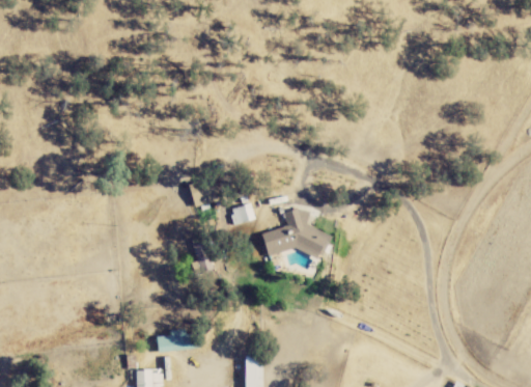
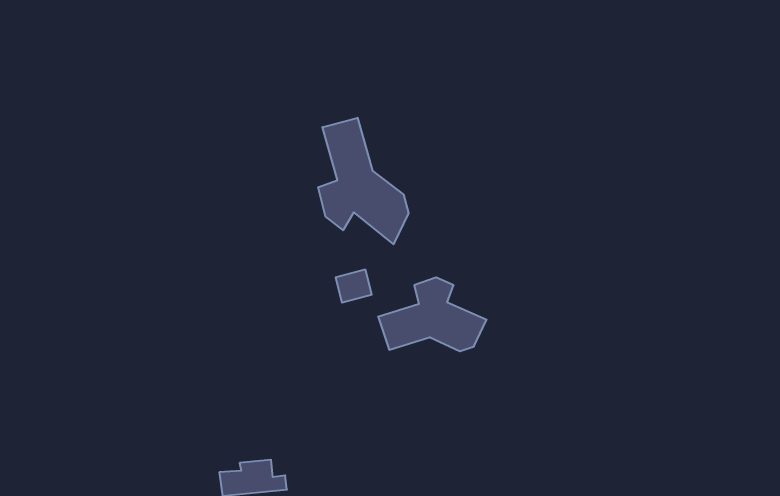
building: none -> [318,118,408,244]

